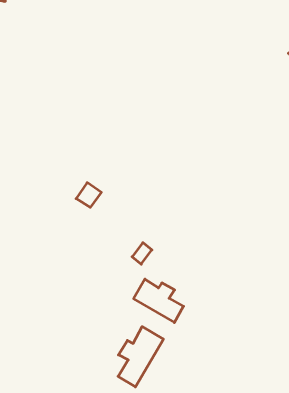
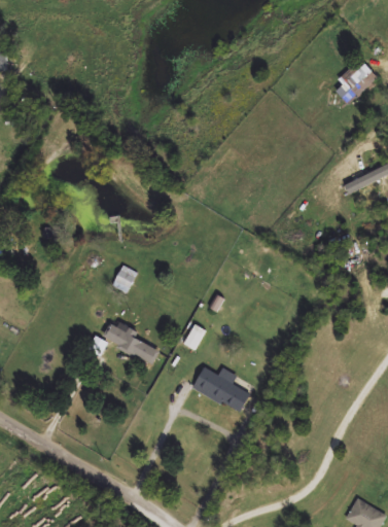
building: none -> [92,319,161,365]
building: [118,327,163,387] -> none

